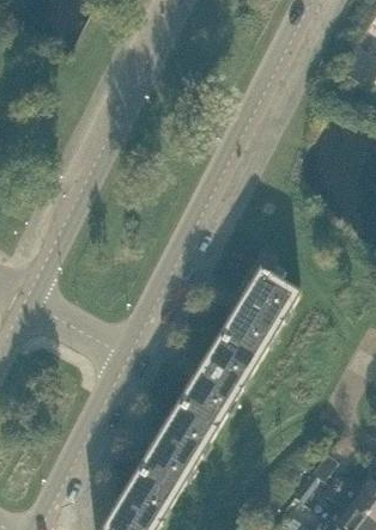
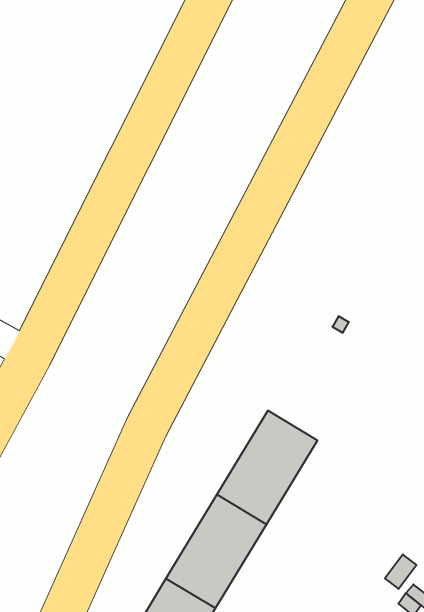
building: [217,269,297,361] -> none

